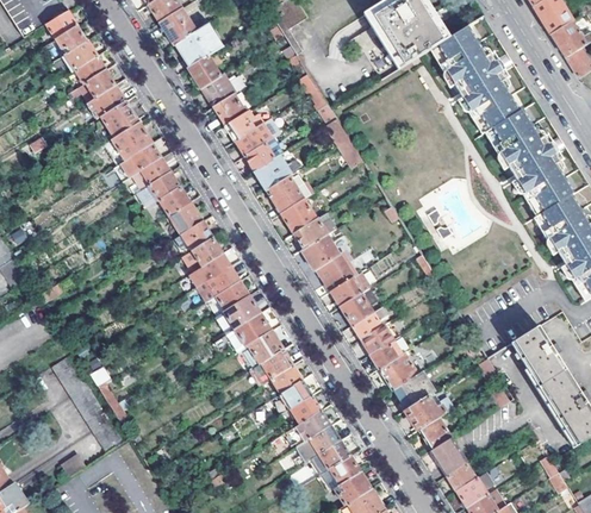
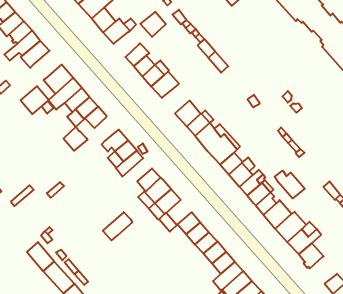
building: [213,92,248,125] -> [140,12,166,37]
building: [100,100,138,137] -> [21,86,49,114]
building: [267,175,310,212] -> none
building: [169,201,201,233] -> [64,127,88,151]
building: [197,265,238,301] -> [103,212,132,240]
building: none -> [275,171,305,198]
building: [248,330,282,363] -> none
building: [430,437,466,474] -> none

